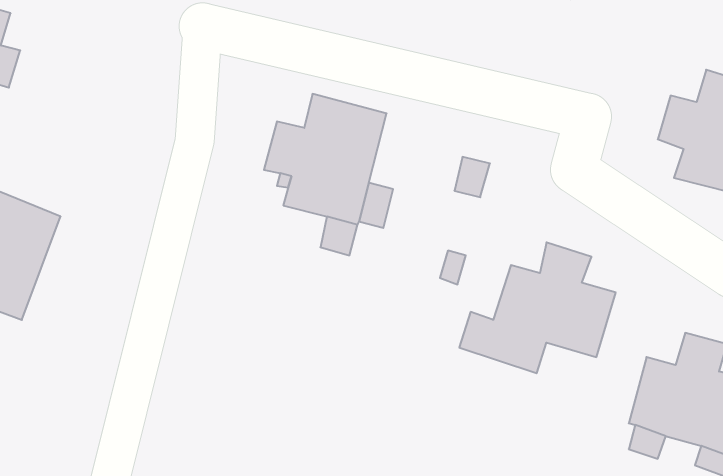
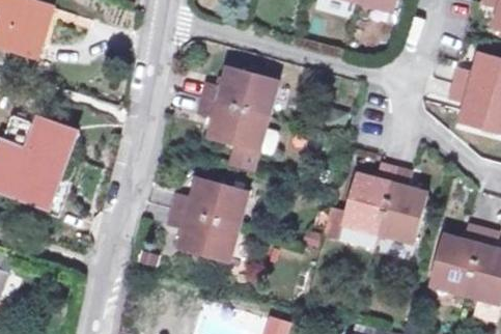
building: none -> [170,178,249,259]

